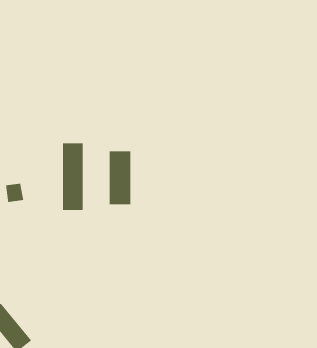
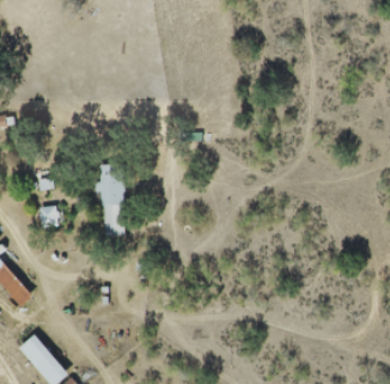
building: [109,150,131,205] -> none

